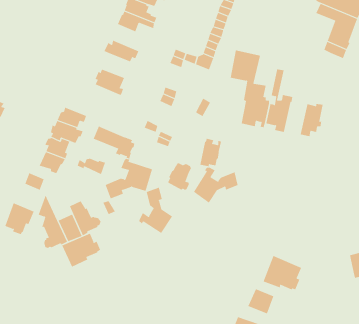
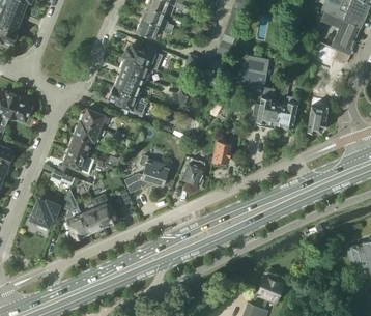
building: none -> [120,58,151,81]
building: [93,126,135,159] -> [108,86,147,117]
building: [193,167,238,204] -> none
building: [139,187,173,234] -> none
building: [61,233,101,268] -> none
building: [263,255,302,290] -> none

